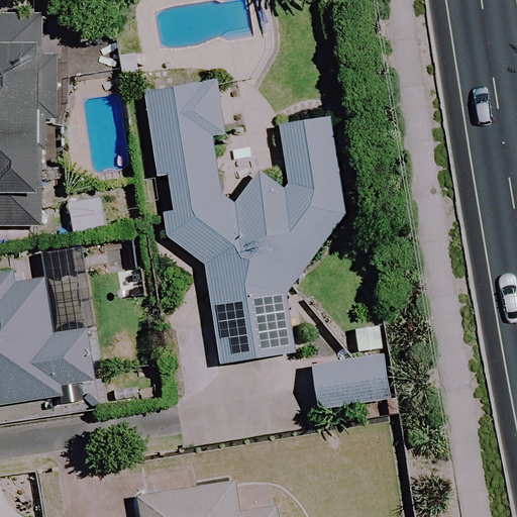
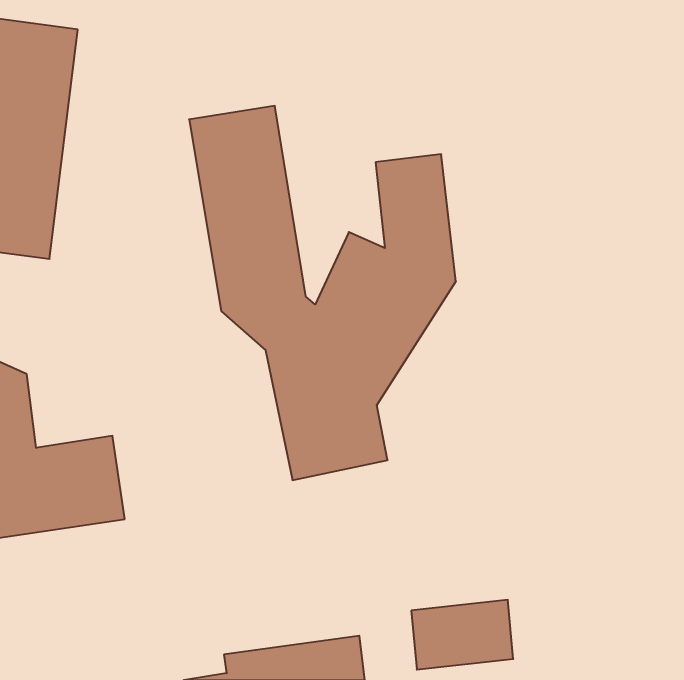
building: [314,355,391,408] -> [411,600,513,670]

